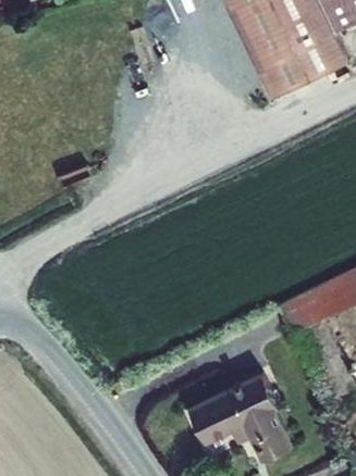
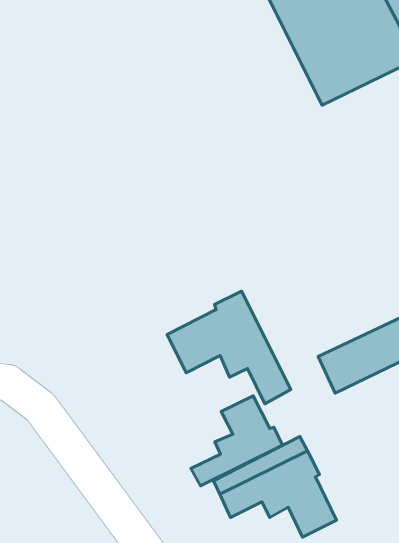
building: none -> [167,291,291,404]
building: none -> [191,396,283,486]

